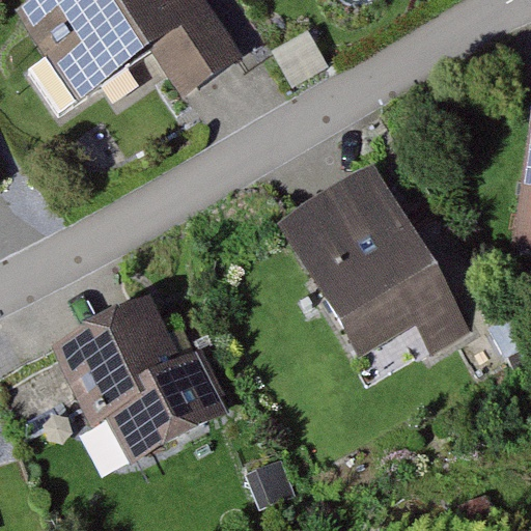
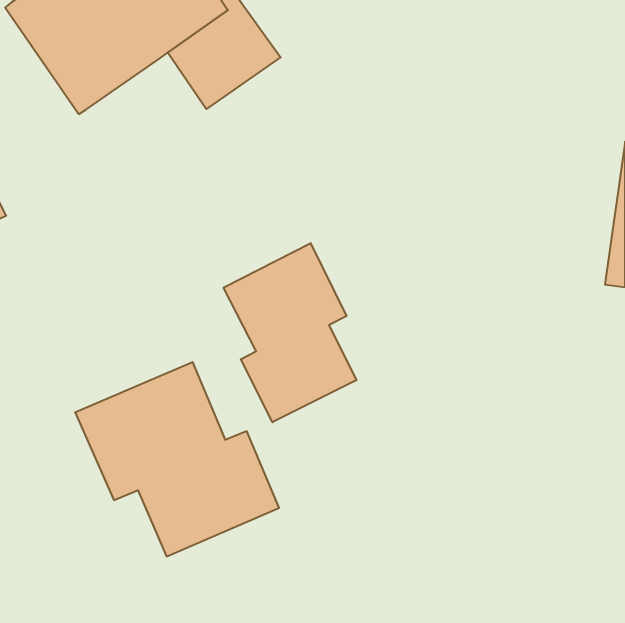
building: [282,165,462,348] -> none
building: none -> [224,243,356,422]

